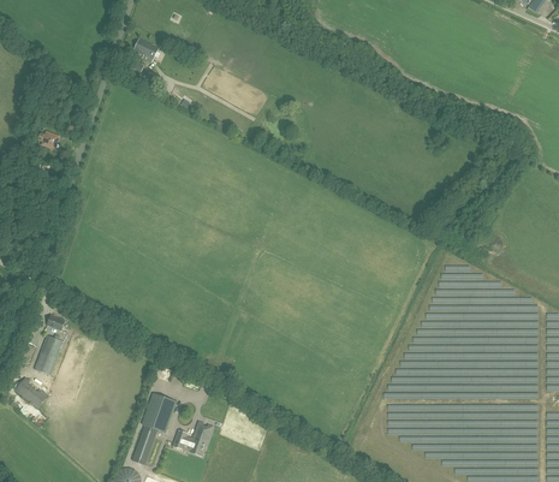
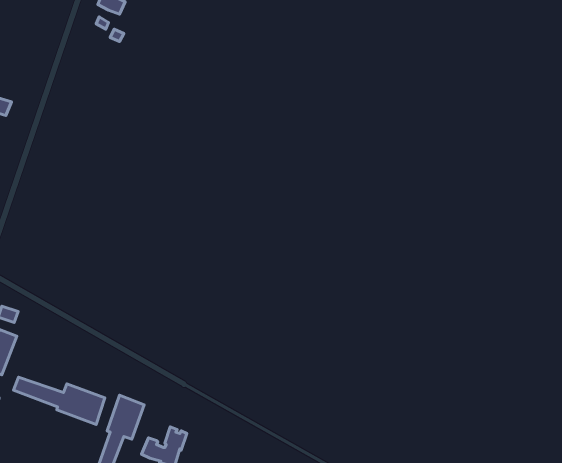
building: none -> [14,377,105,425]

